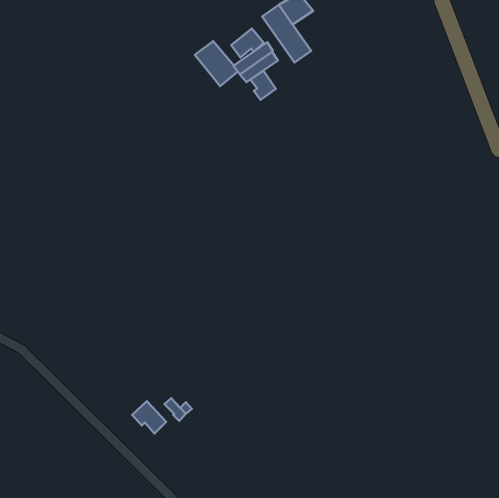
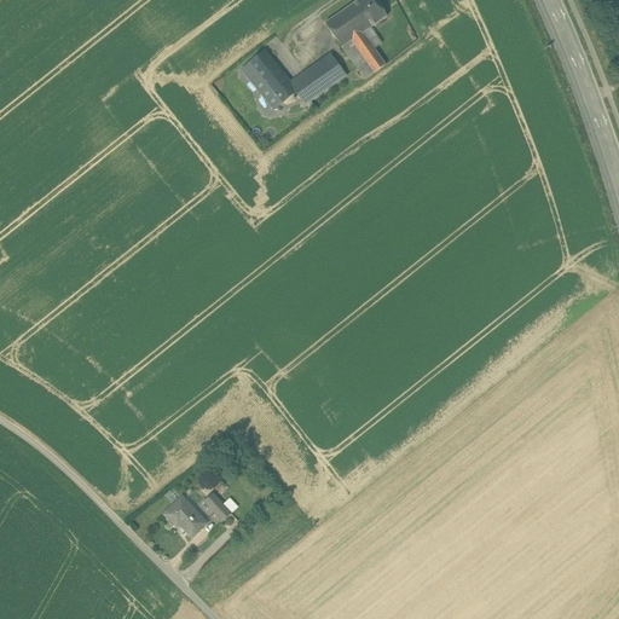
building: [231,28,264,58] -> none
building: [250,71,276,100] -> none

